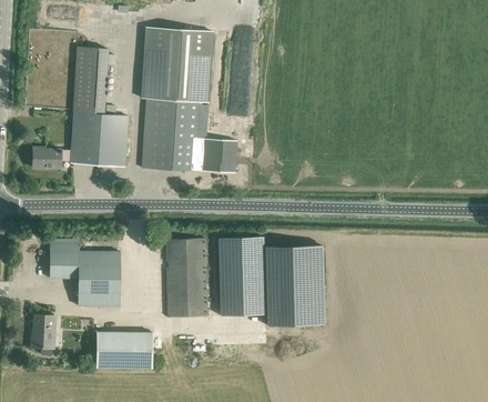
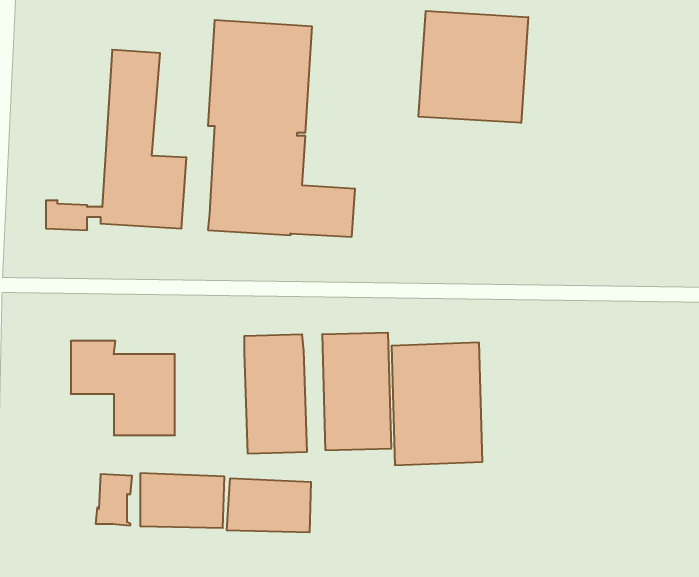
building: none -> [419,11,528,123]
building: [31,314,55,349] -> [96,474,132,525]
building: none -> [227,478,311,532]

